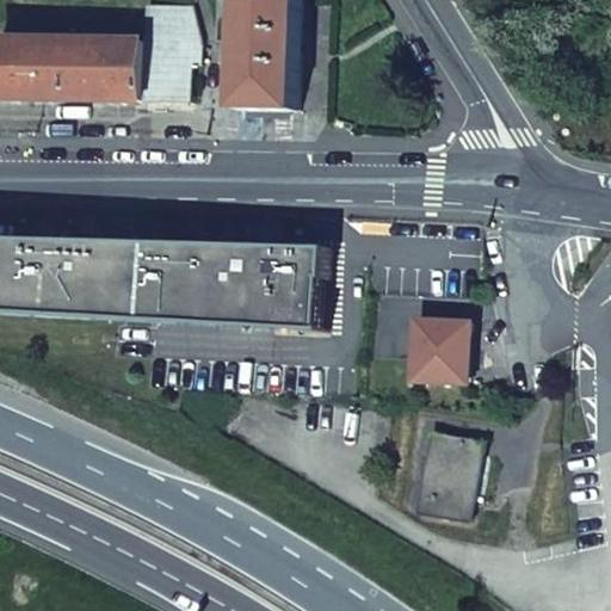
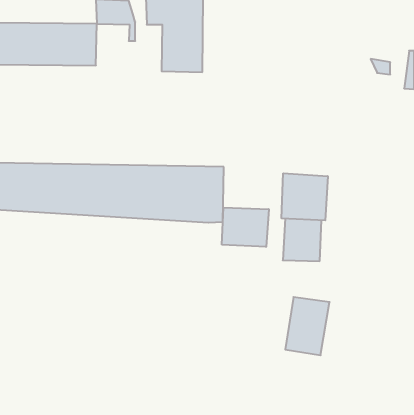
building: [140,35,189,97] -> none
building: none -> [282,173,328,220]
building: none -> [222,208,269,247]

